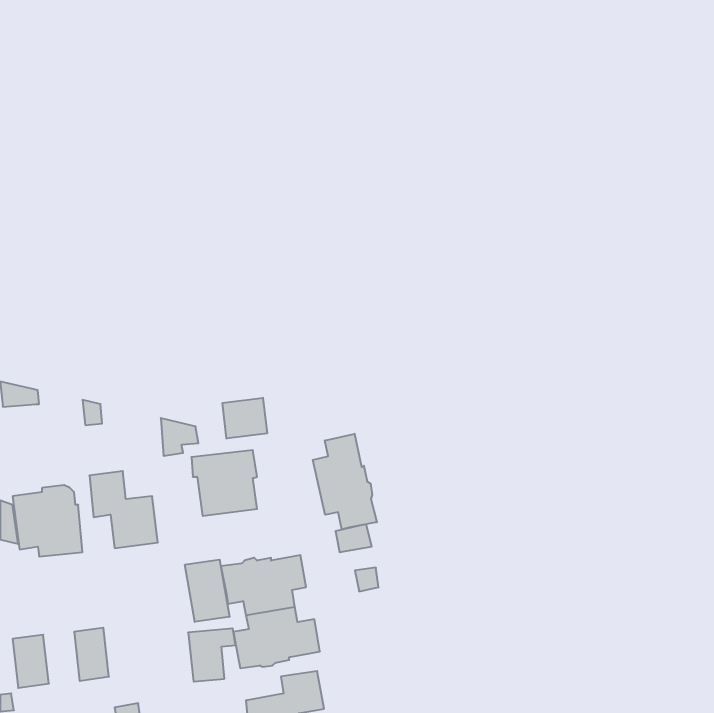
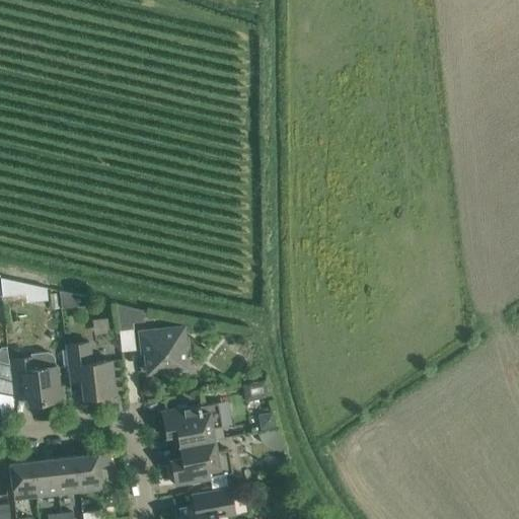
building: [223,398,267,439] -> none
building: [313,434,377,530] -> none
building: [185,560,229,622] -> none
building: [188,628,236,682] -> [75,453,109,492]
building: none -> [31,459,58,497]

